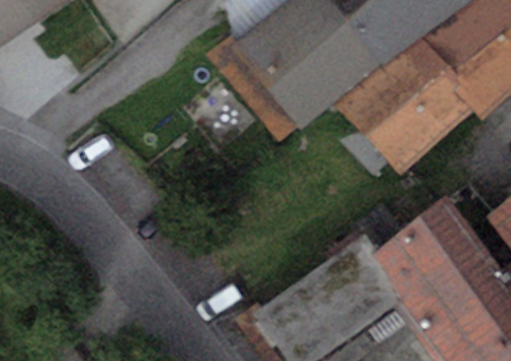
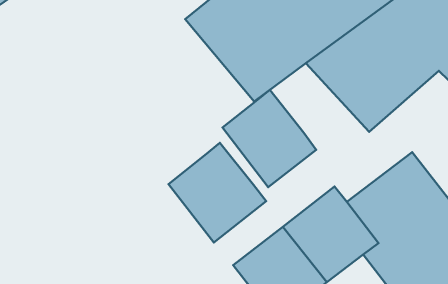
building: none -> [222,90,316,187]
building: none -> [169,143,266,243]

